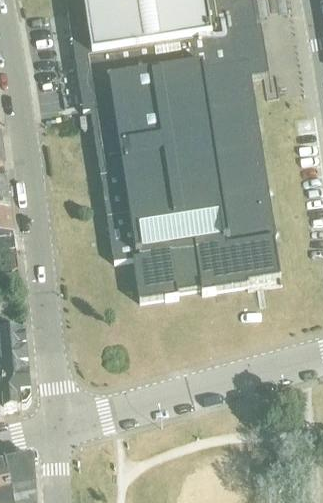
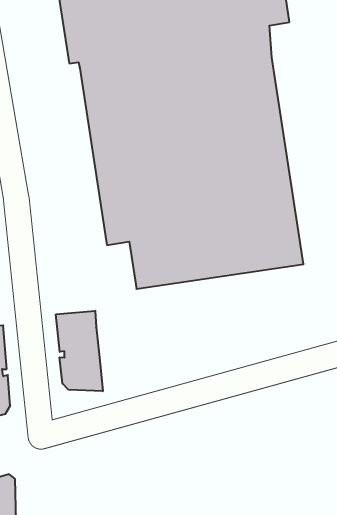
building: none -> [56,311,103,391]

